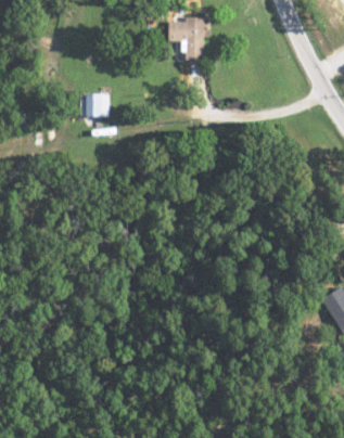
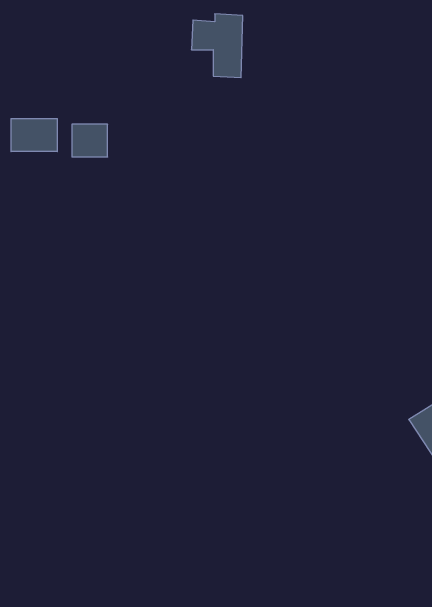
building: none -> [11,119,57,152]

